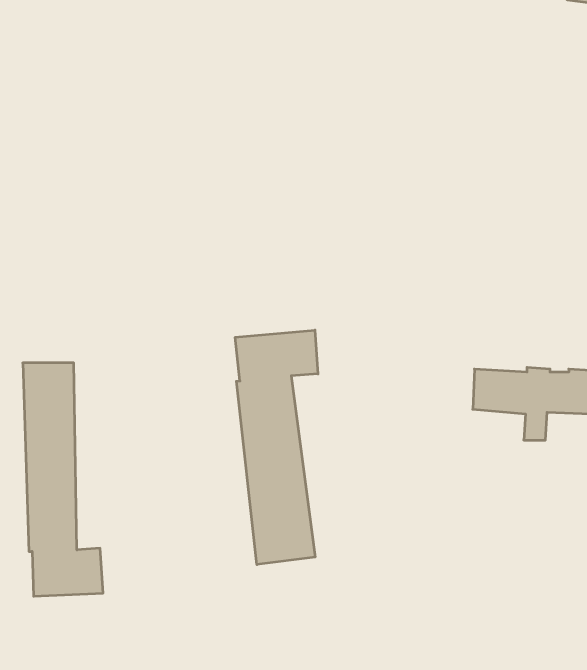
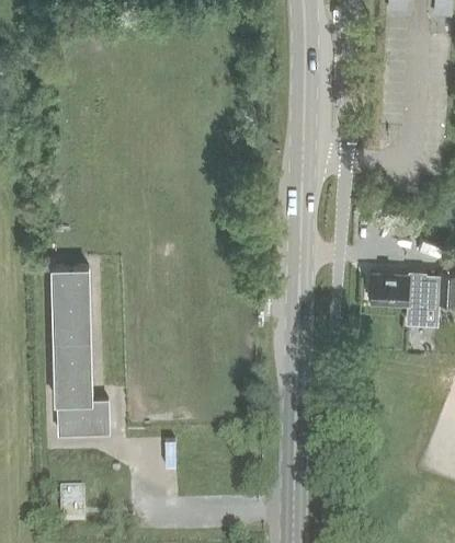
building: [235,330,318,565] -> none

